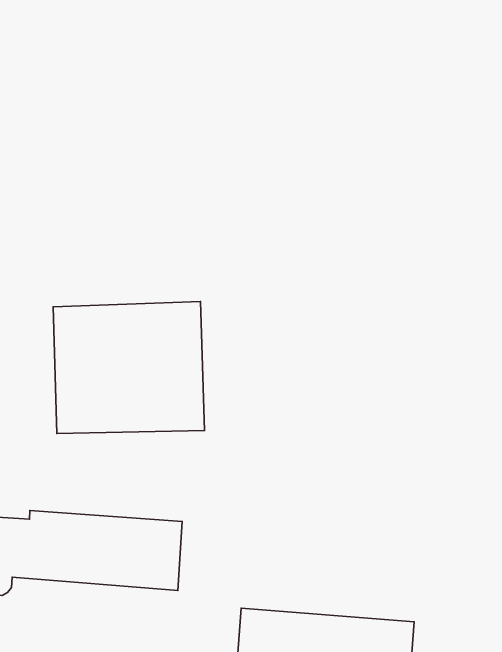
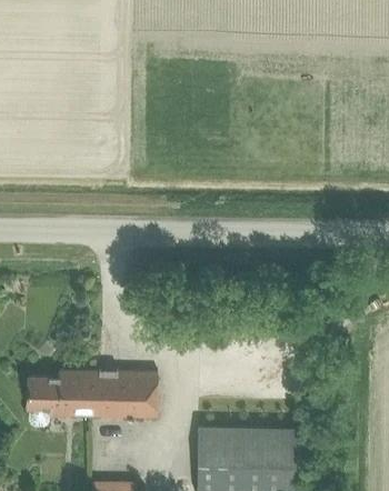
building: [53,302,204,434] -> none

